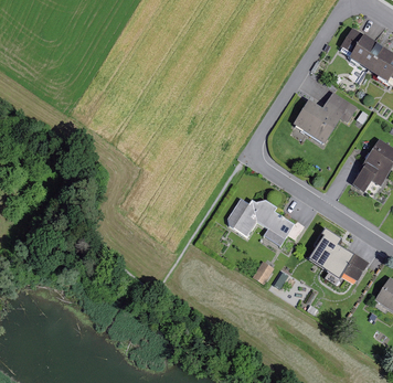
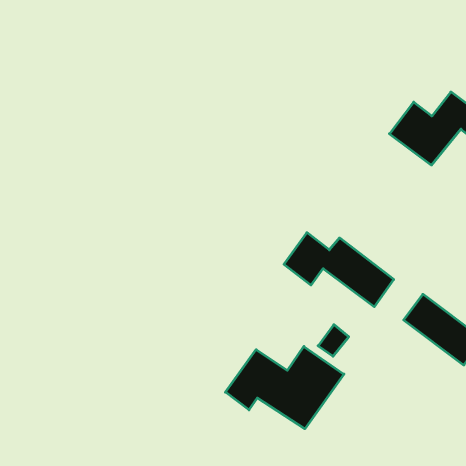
building: none -> [225,346,344,429]

